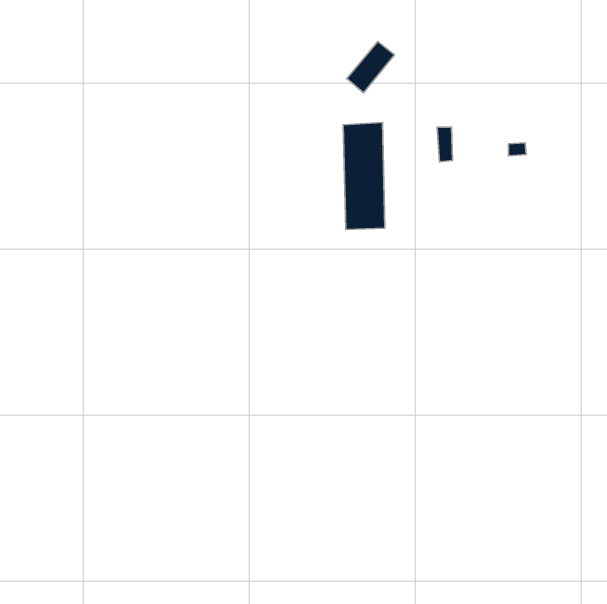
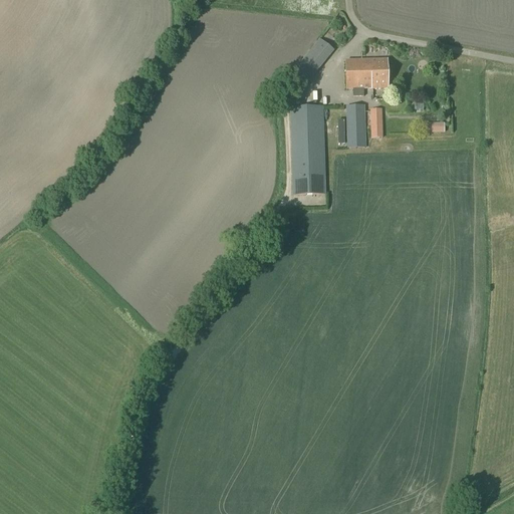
building: none -> [345,57,389,94]
building: none -> [345,103,365,147]

